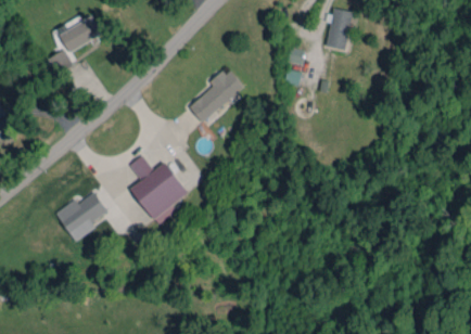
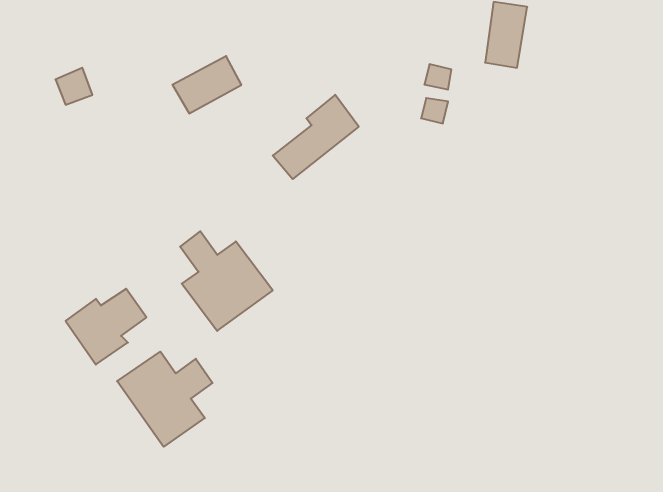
building: [59,15,103,52] -> [172,56,241,113]
building: none -> [117,352,213,447]

